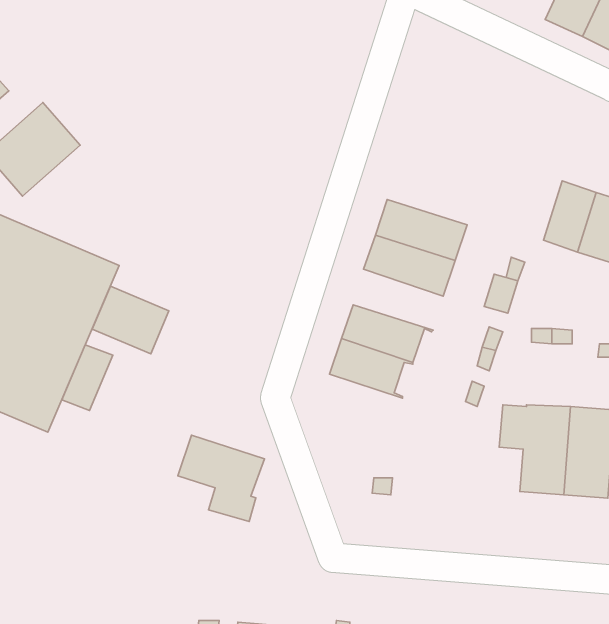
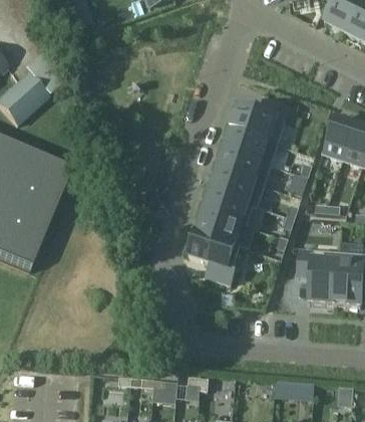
building: none -> [231,99,288,144]
building: none -> [211,170,264,206]
building: [92,286,169,354] -> none
building: [62,345,113,410] -> none
building: [178,435,264,522] -> [189,232,240,283]

